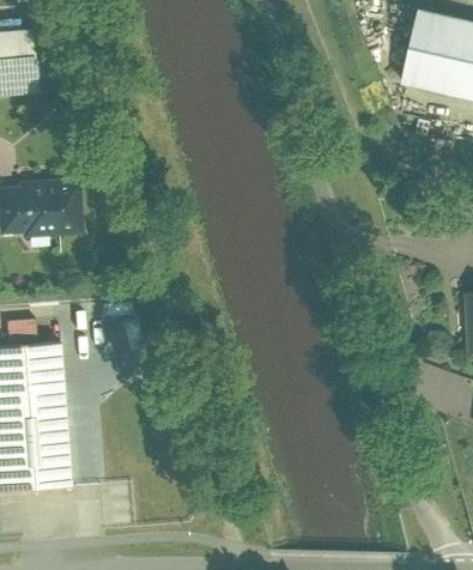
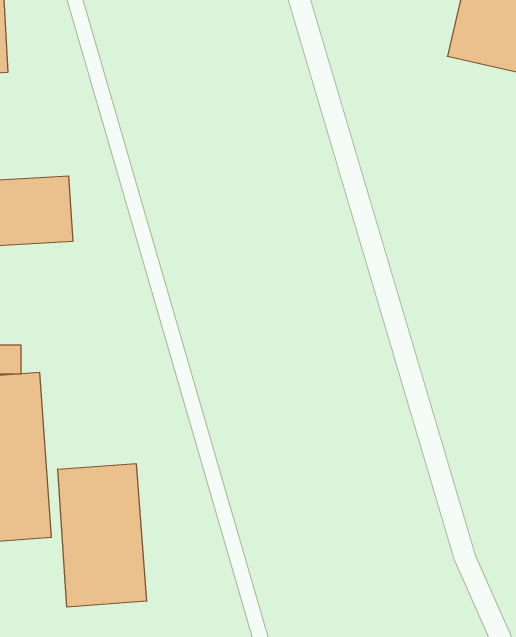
building: none -> [58,464,146,607]

